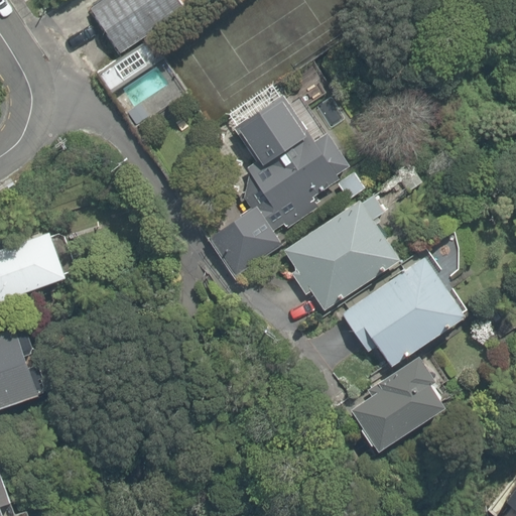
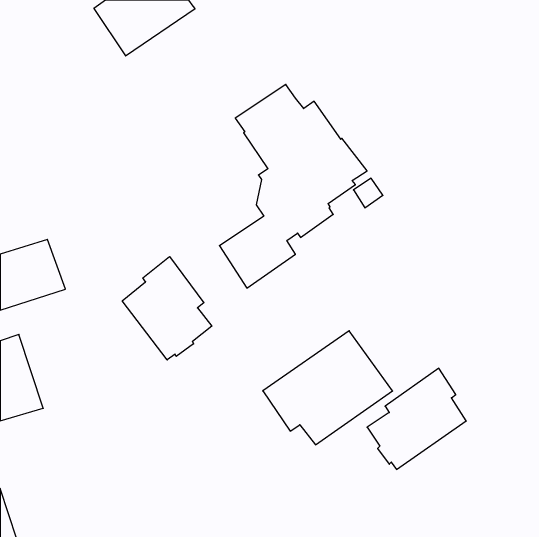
building: [284,194,400,311] -> none
building: none -> [122,257,212,360]
building: [342,256,466,365] -> [263,331,393,445]

